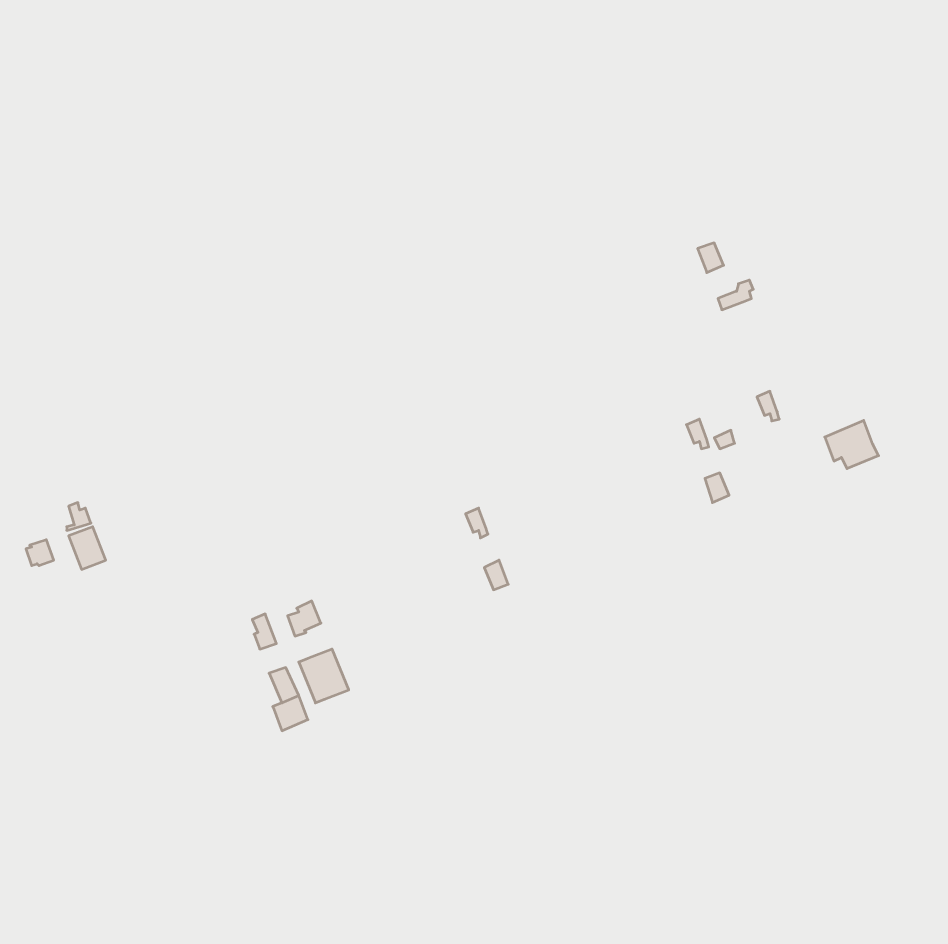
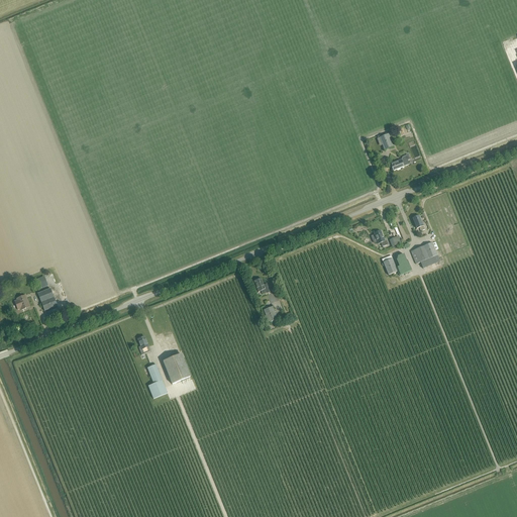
building: [825,420,879,469] -> [411,240,440,267]

